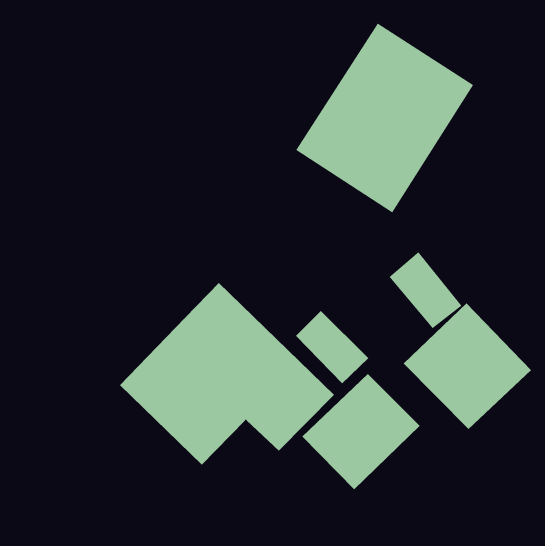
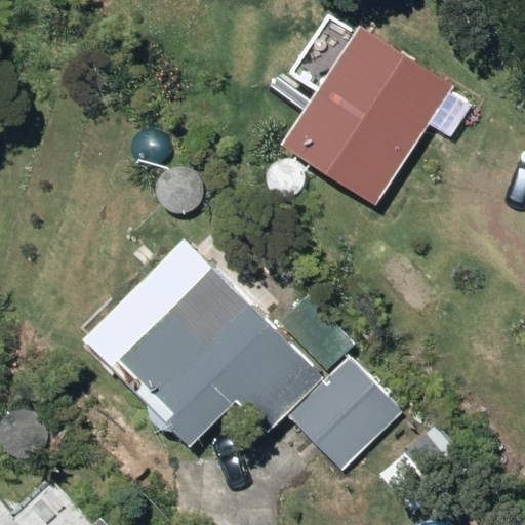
building: [403,302,532,430] -> none

